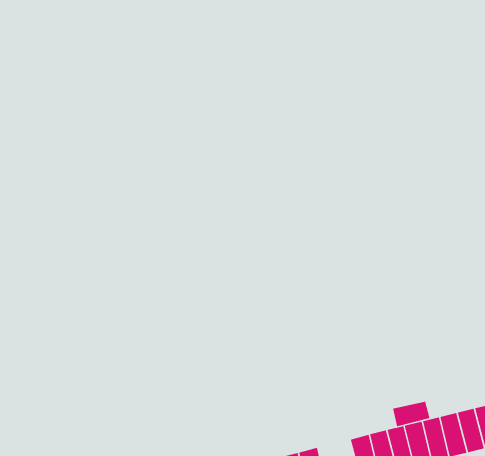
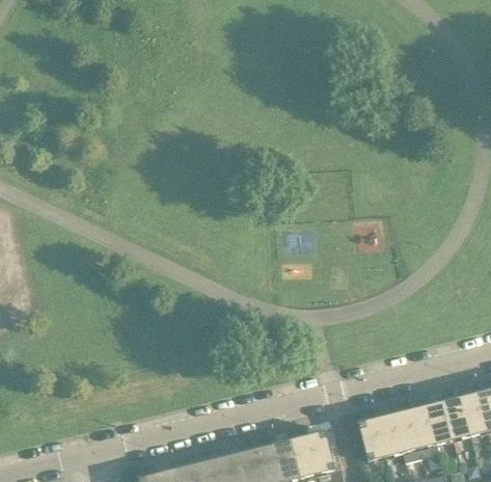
building: [392,401,430,427] -> none

